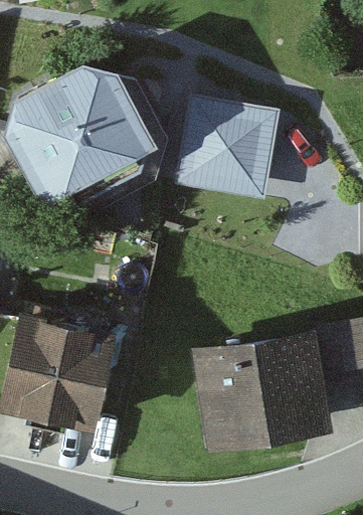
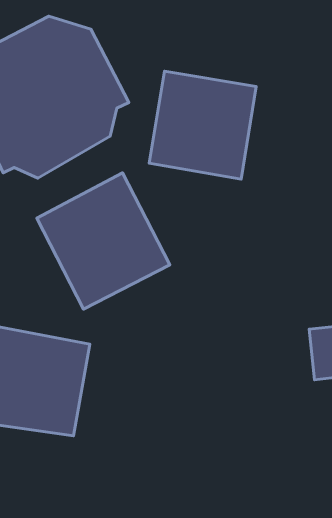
building: none -> [37,173,170,309]
building: [195,341,319,458] -> none

